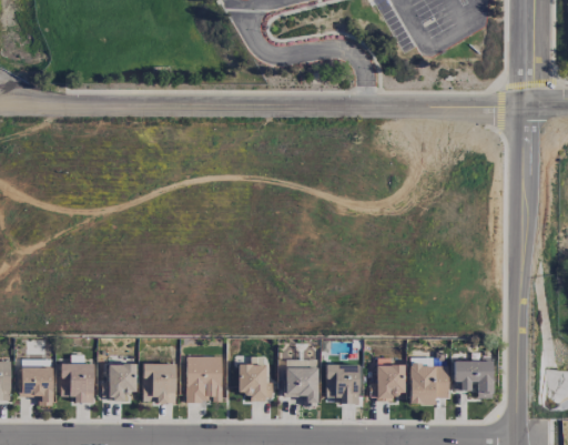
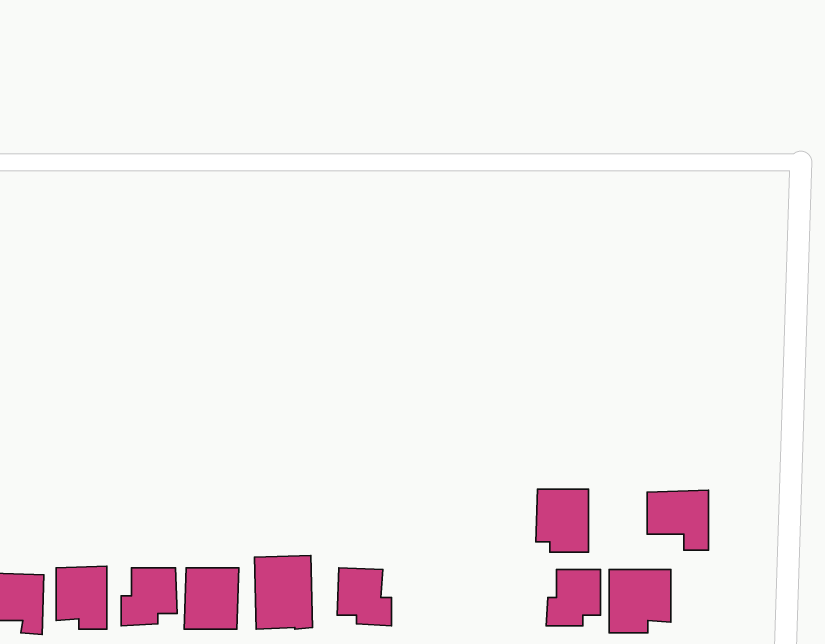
building: [455,361,494,398] -> [647,490,708,550]
building: [326,364,359,404] -> [536,489,588,552]
building: [285,367,318,406] -> none

